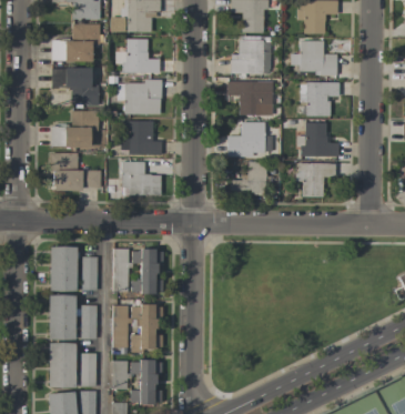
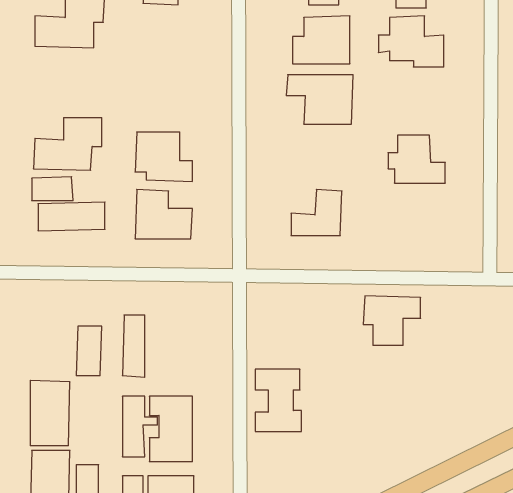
building: [117,39,161,73] -> none
building: [52,68,100,105] -> none
building: [118,81,162,114] -> none
building: [301,82,340,117] -> none
building: [227,122,273,156] -> none
building: [296,162,336,196] -> [363,296,421,345]
building: [50,246,78,291] -> none
building: [132,250,164,293] -> [255,369,301,431]
building: [80,305,98,339] -> none

